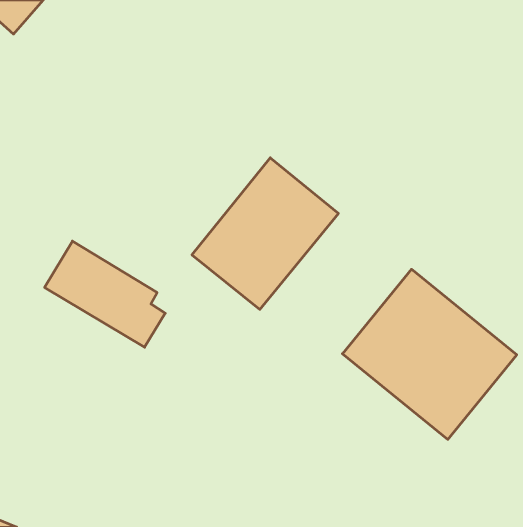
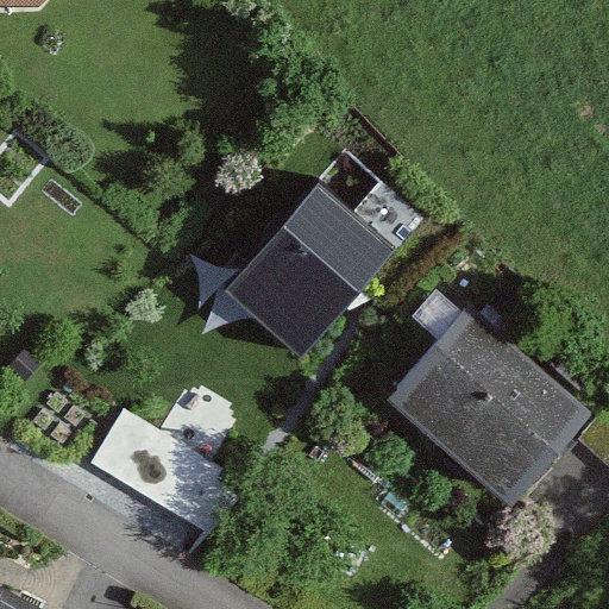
building: [45,241,165,347] -> [88,409,227,532]

